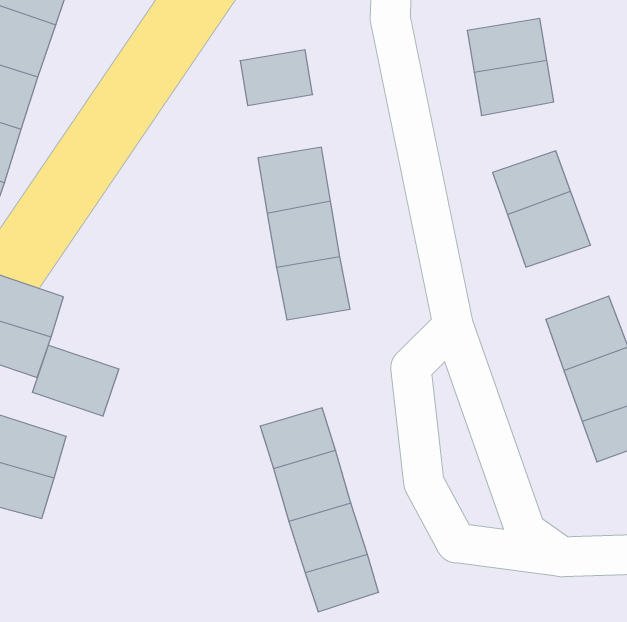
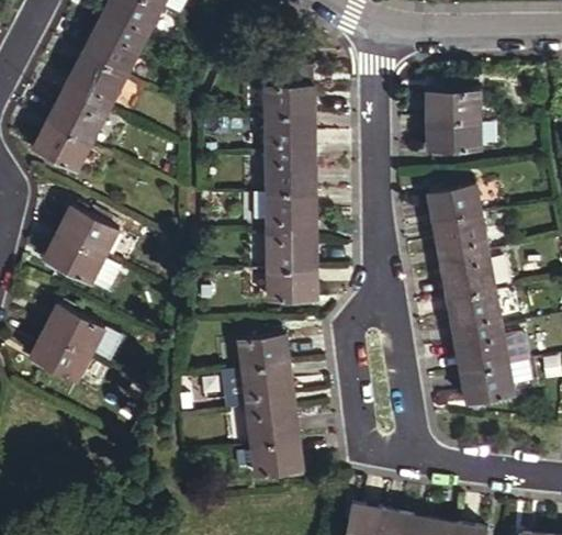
building: none -> [267,119,313,156]
building: none -> [440,255,494,301]
building: none -> [269,271,314,302]
building: [32,345,119,416] -> none

